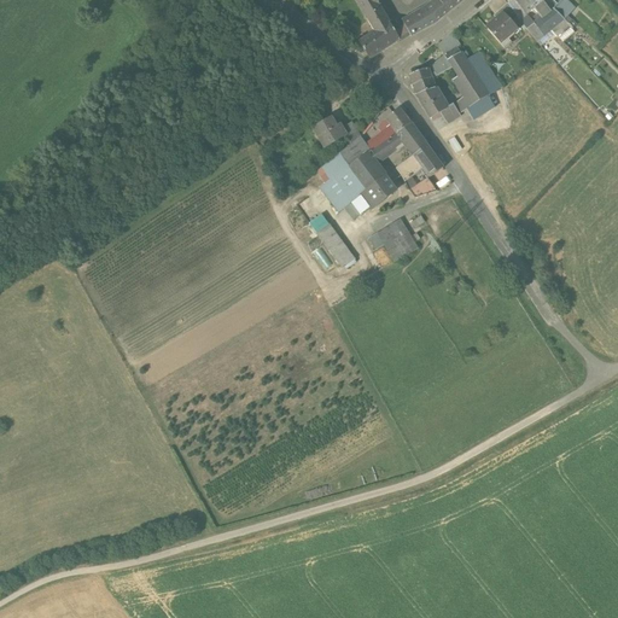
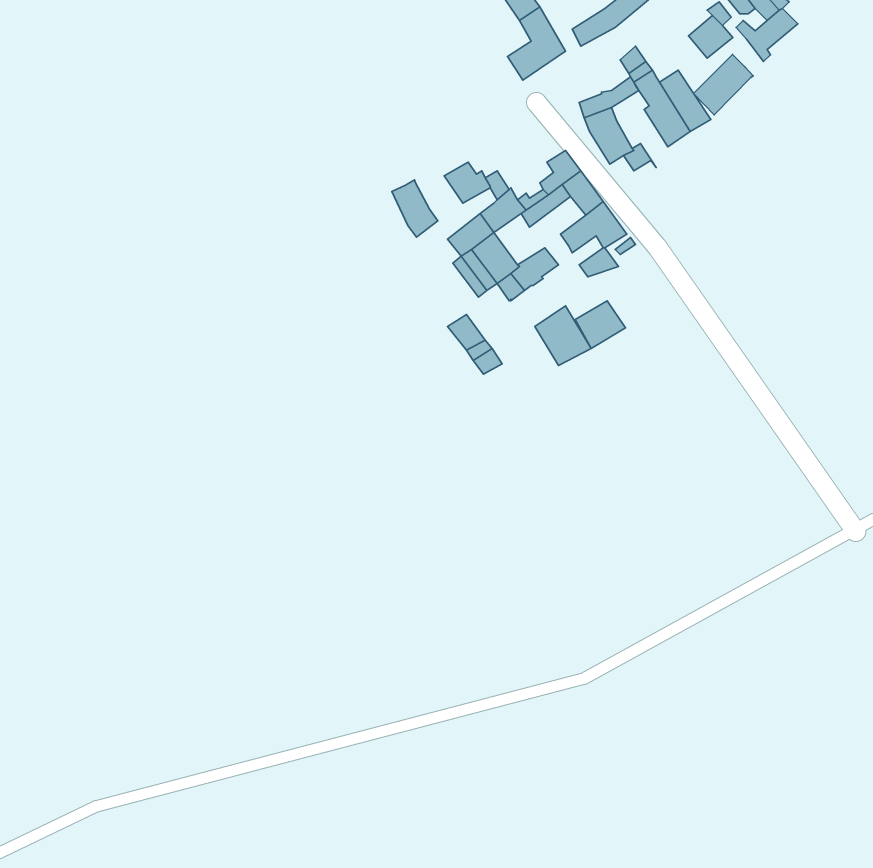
building: none -> [694,55,753,115]
building: none -> [392,180,438,237]
building: [349,151,385,187] -> none
building: none -> [575,301,625,349]

